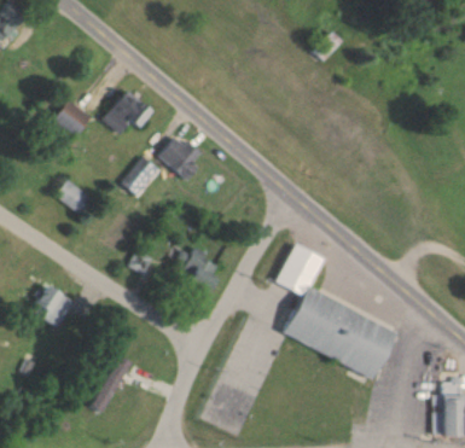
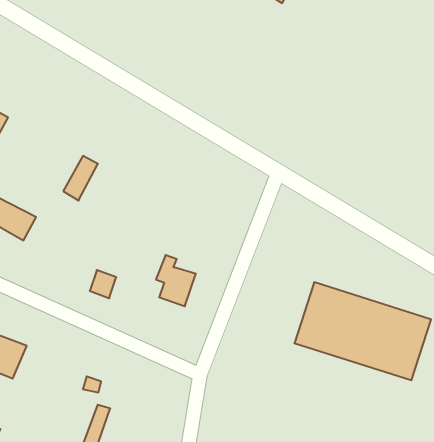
building: [99,91,145,133] -> none
building: [158,133,199,179] -> none
building: [277,245,322,297] -> none

